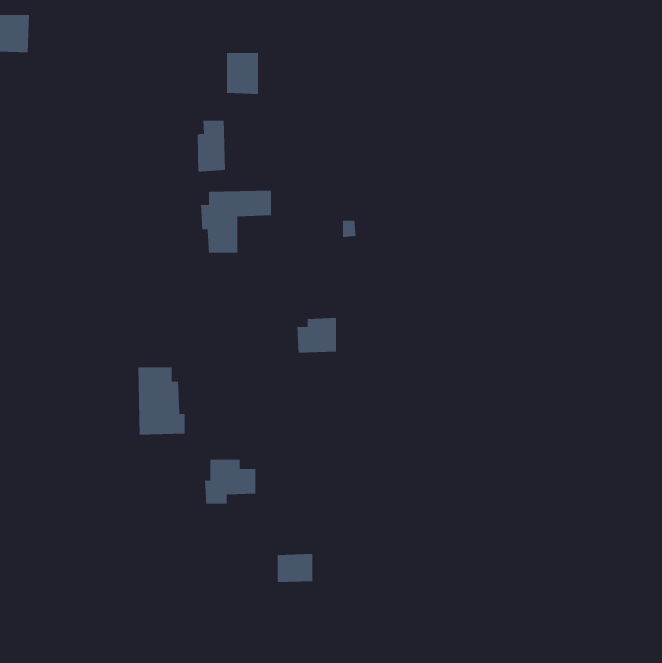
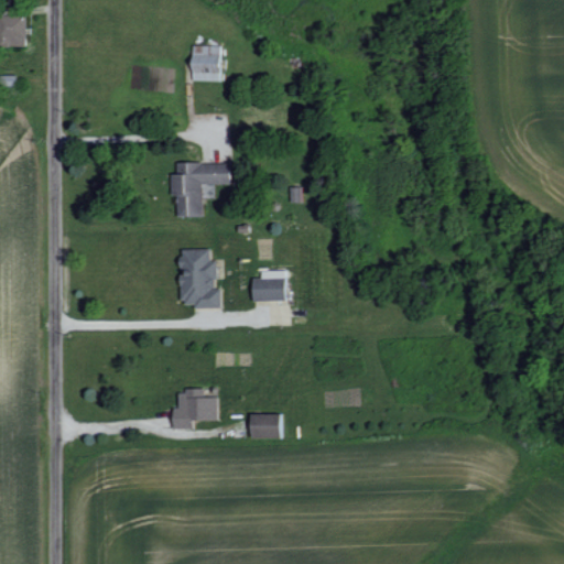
building: [197,120,226,173] -> none
building: [137,366,185,435] -> [180,249,220,307]
building: [277,553,313,583] -> [250,413,281,438]

